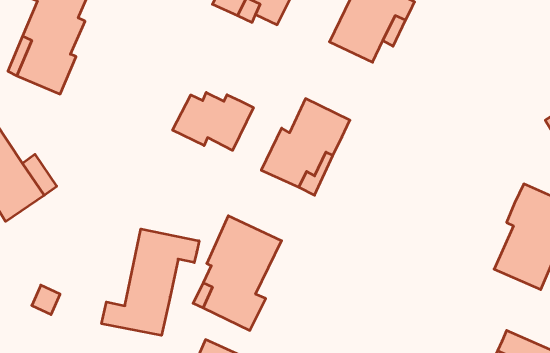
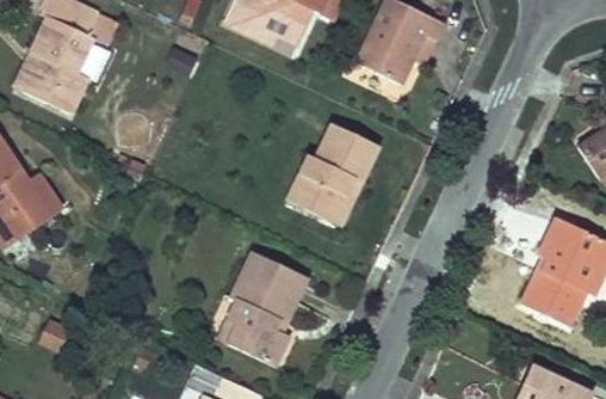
building: [173,92,253,150] -> none
building: [102,229,199,335] -> none

